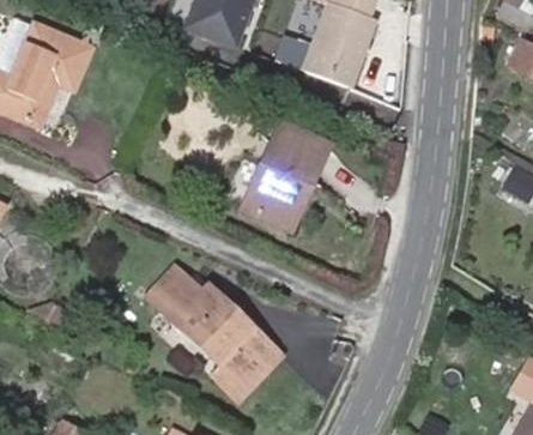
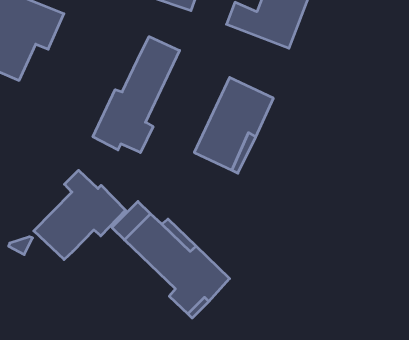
building: none -> [93,37,180,153]
building: none -> [34,170,126,260]

